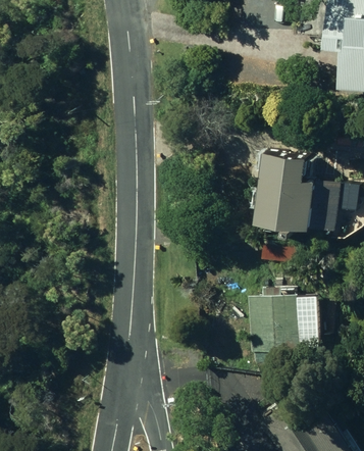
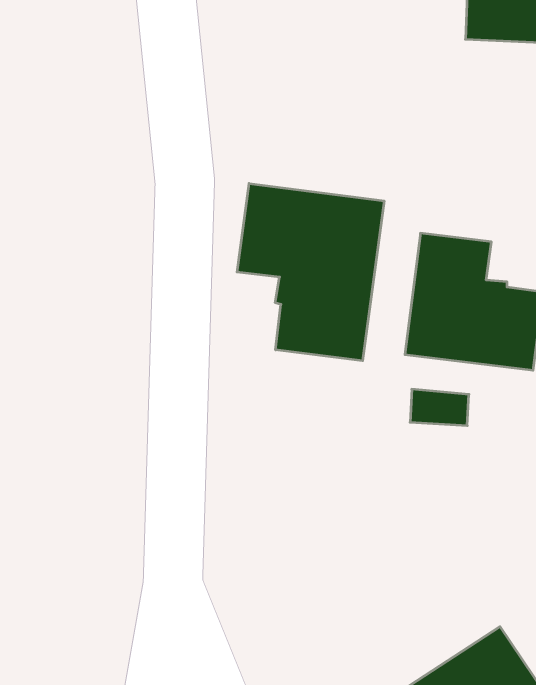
building: none -> [237,183,384,361]
building: [247,294,322,365] -> none

